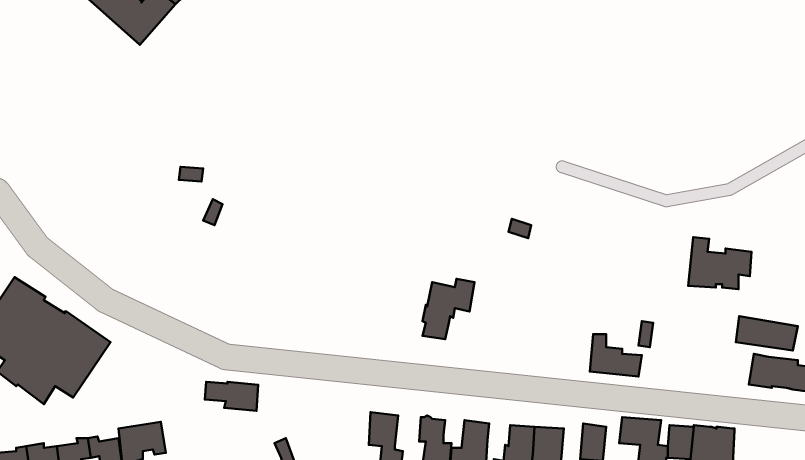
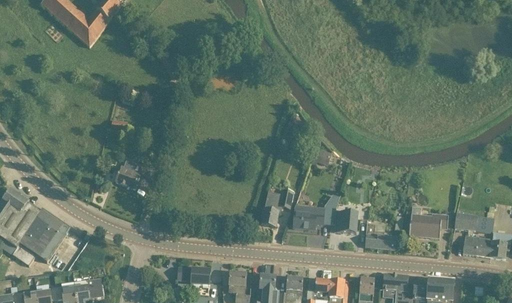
building: none -> [116,161,141,189]
building: [688,237,751,289] -> [409,206,448,238]
building: none -> [294,205,325,229]
building: none -> [335,212,358,233]
building: [205,382,258,411] -> [178,268,211,286]

